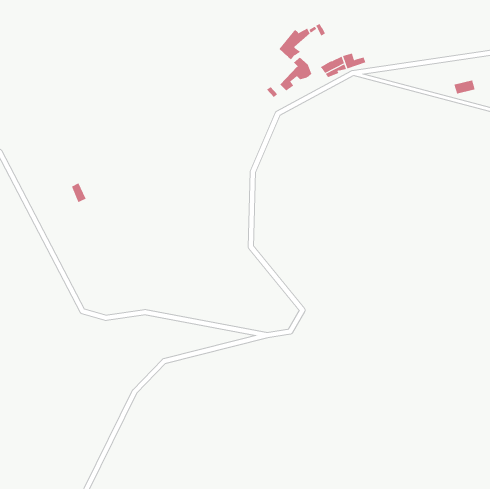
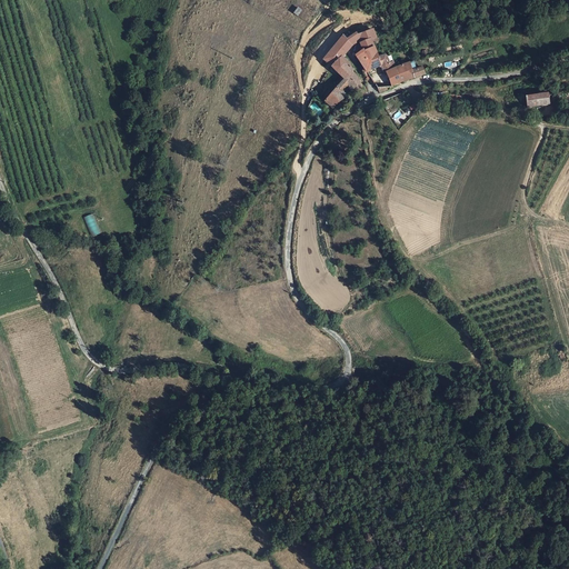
building: none -> [355,44,393,70]

